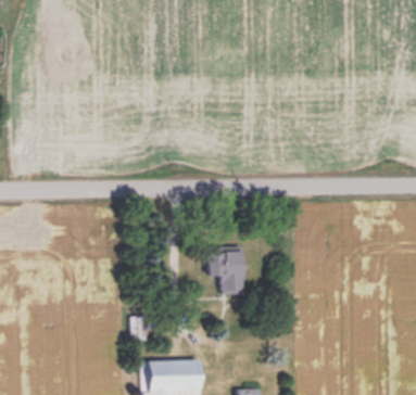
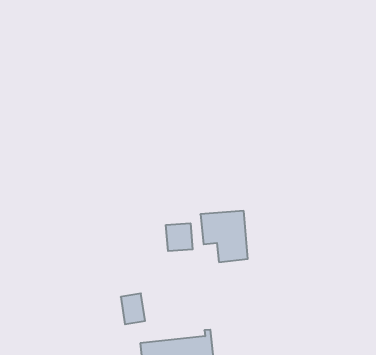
building: none -> [166,223,193,251]

